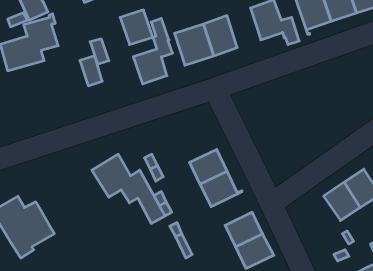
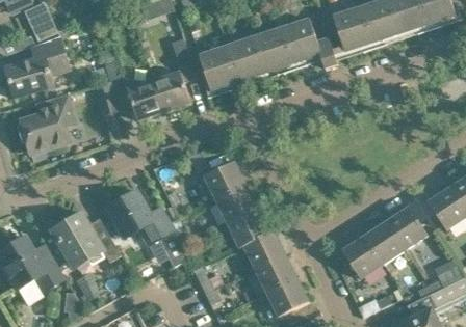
building: none -> [257,27,294,71]
building: [120,10,153,45] -> [127,81,163,119]
building: none -> [21,93,76,151]
building: none -> [204,160,245,198]
building: none -> [46,212,121,269]
building: none -> [243,230,285,268]
building: none -> [342,236,383,278]

